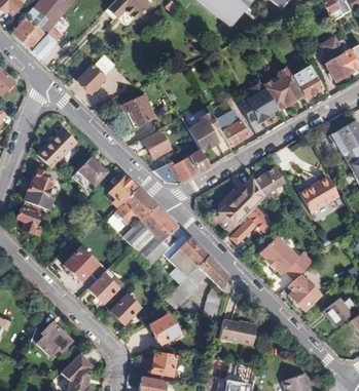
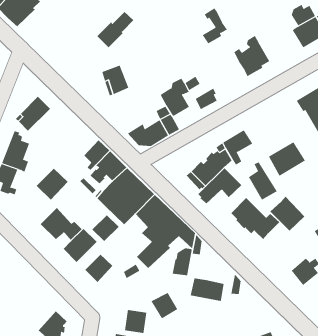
building: [78,54,117,92] -> [97,11,134,48]
building: [292,66,321,99] -> none
building: [250,82,277,120] -> [202,7,228,44]
building: [145,130,172,157] -> none
building: [73,157,107,191] -> [36,168,69,201]
building: none -> [248,162,278,200]
building: none -> [92,214,119,242]
building: [285,273,322,310] -> [270,196,305,231]
building: [149,315,178,343] -> [150,292,178,319]
building: [31,321,71,355] -> none

